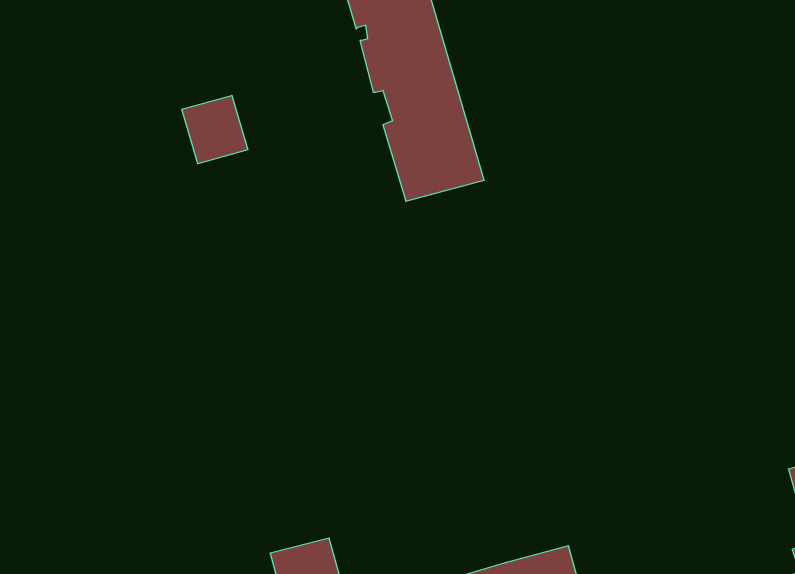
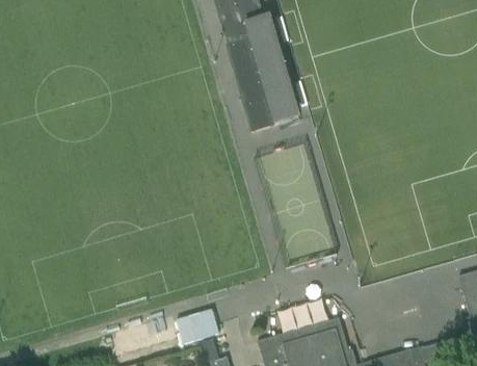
building: [182,95,248,164] -> none

